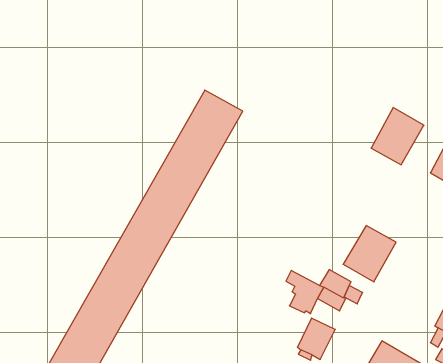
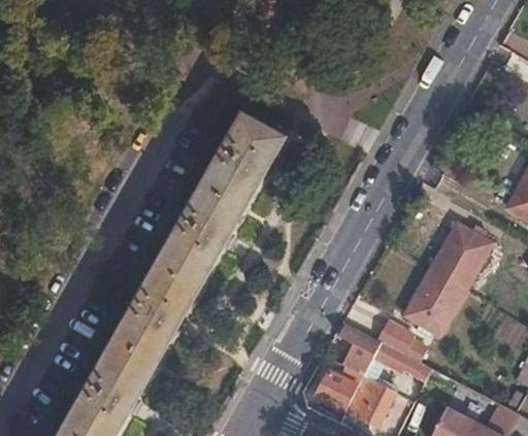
building: [371,108,424,165] -> [430,223,492,290]
building: none -> [315,370,358,411]

